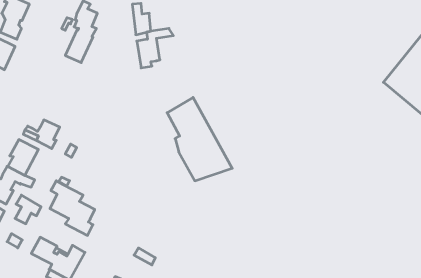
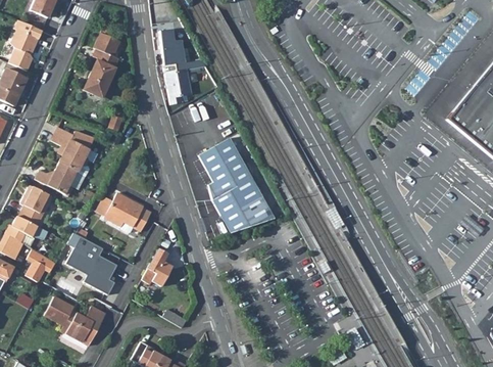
building: none -> [51,127,94,176]
building: none -> [104,193,151,231]
building: none -> [141,249,171,286]

